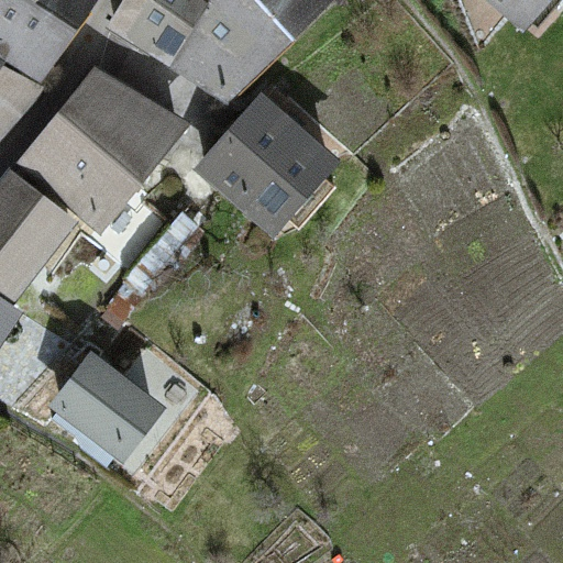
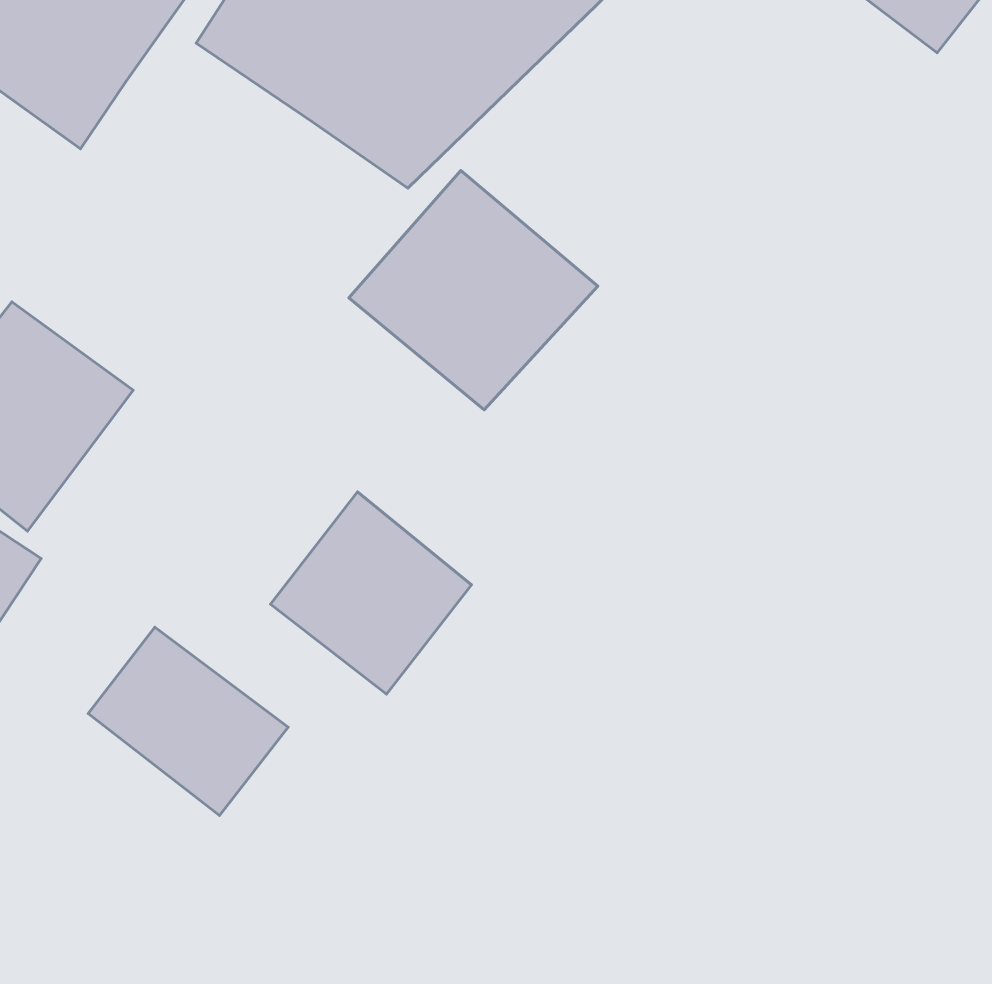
building: [18,67,189,231] -> none
building: none -> [271,492,472,694]

